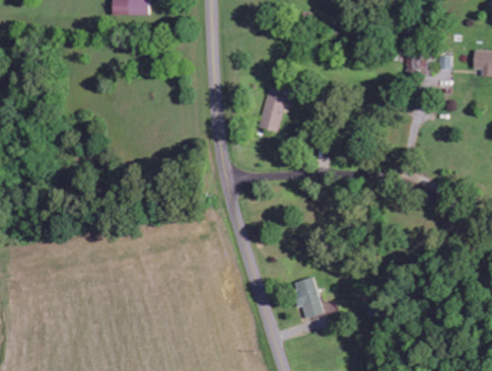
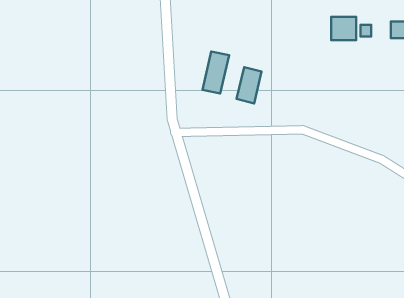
building: none -> [237,67,261,103]
building: [295,277,325,319] -> none

